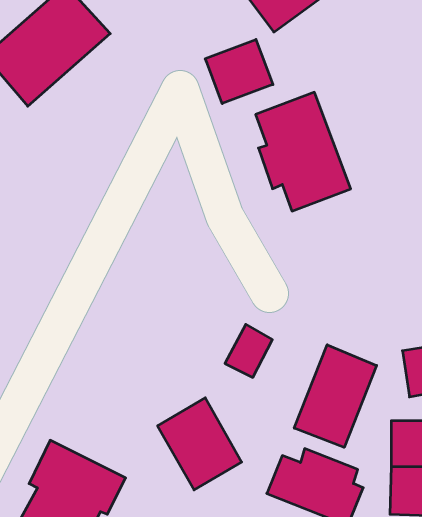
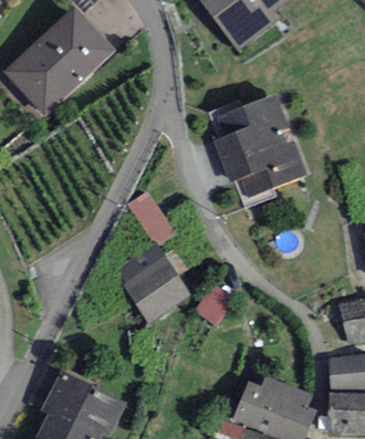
building: [205,39,273,104] -> none
building: none -> [134,189,181,245]
building: [294,345,377,447] -> none
building: [158,398,242,490] -> [119,247,186,320]

